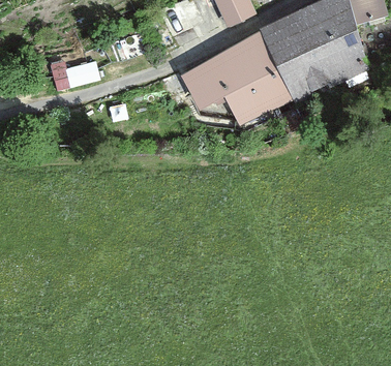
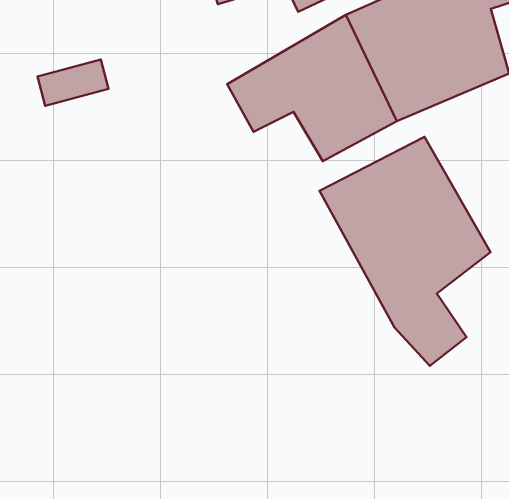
building: none -> [319,137,491,366]

